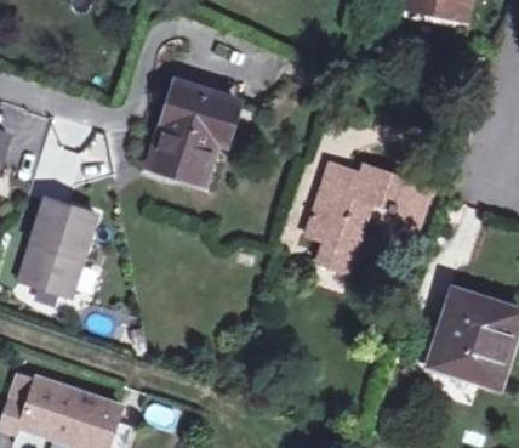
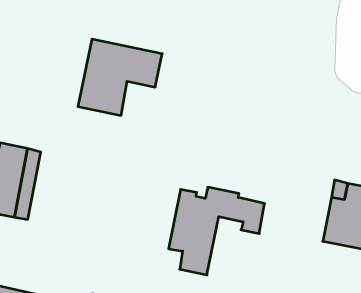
building: [297,157,422,266] -> [169,187,265,275]

